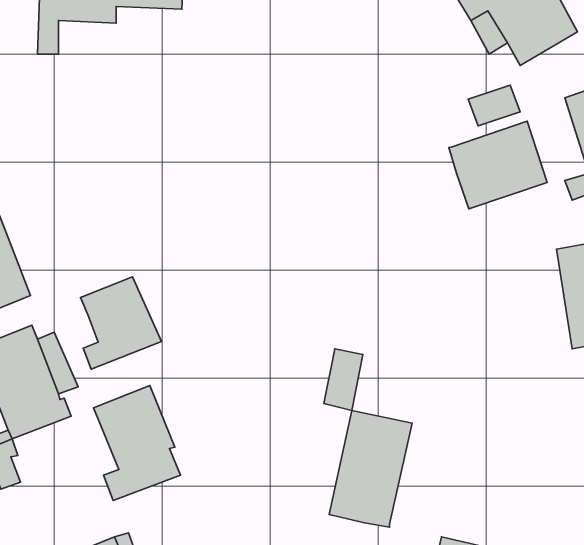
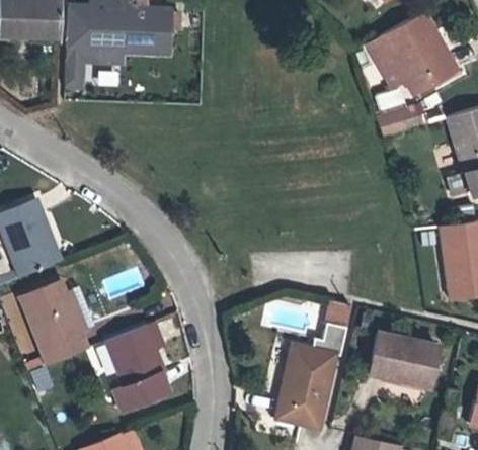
building: [449,121,547,209] -> none
building: [80,277,161,369] -> none
building: [324,349,363,411] -> [323,299,351,344]
building: none -> [369,334,437,386]

